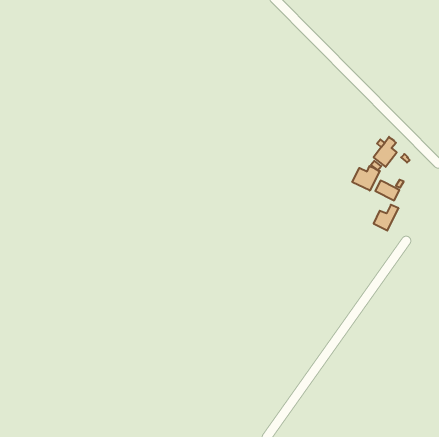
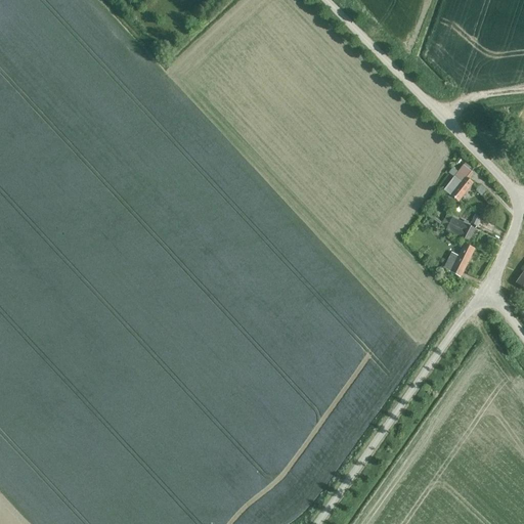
building: [352,166,380,191] -> none

